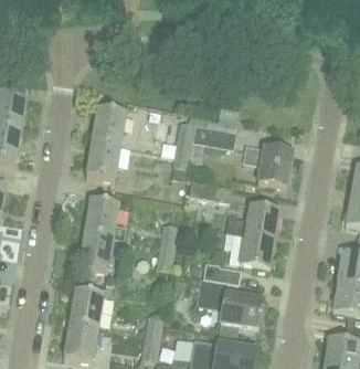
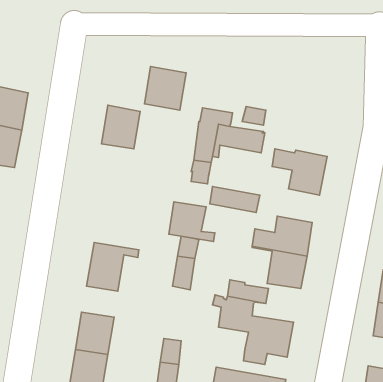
building: none -> [144,67,186,110]
building: [86,141,120,180] -> none
building: [85,200,126,235] -> [169,202,215,242]

